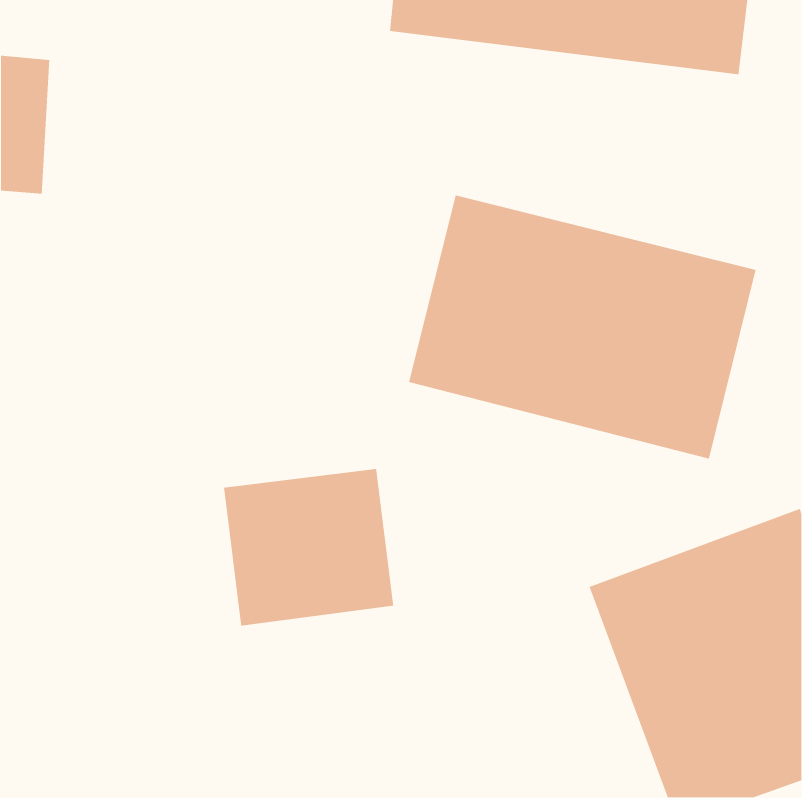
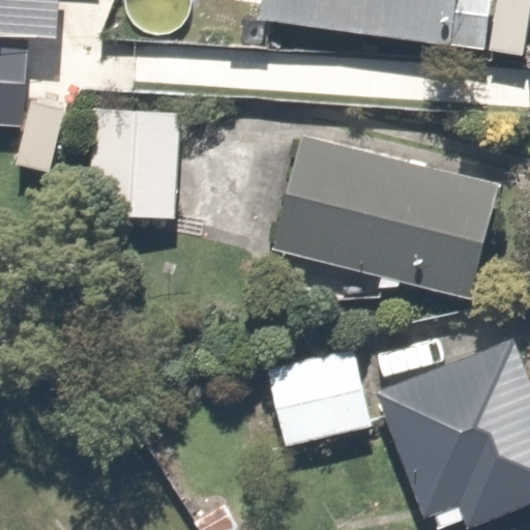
building: none -> [95,105,185,216]
building: [223,468,394,627] -> [265,344,378,448]

